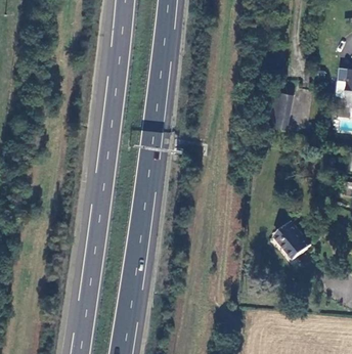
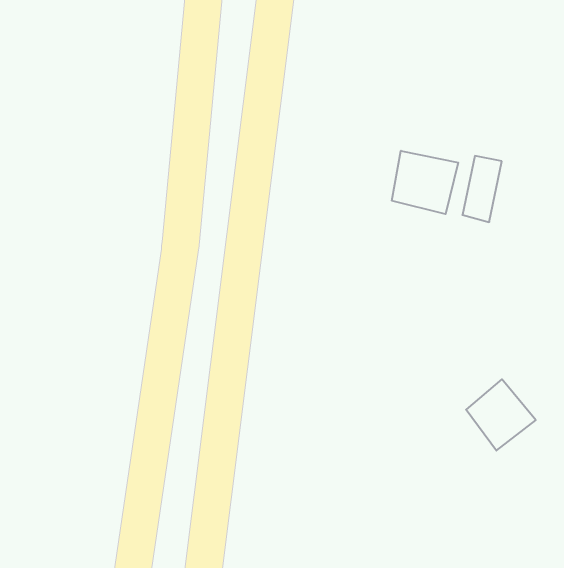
building: none -> [392,151,458,214]

